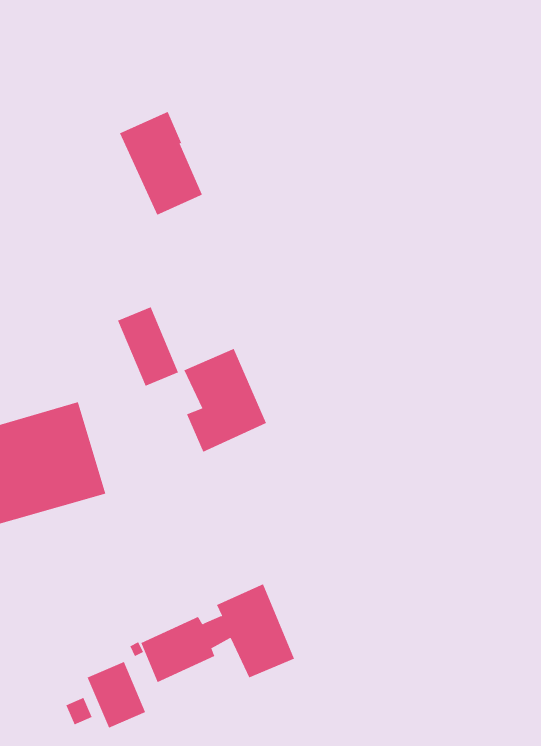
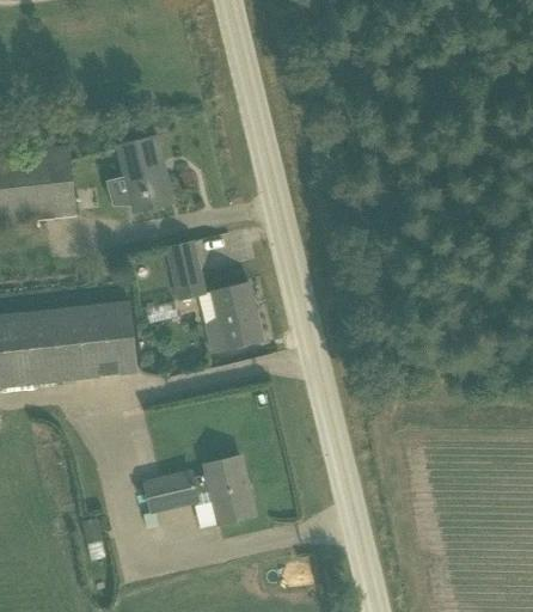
building: [119,111,204,215] -> [116,136,170,210]
building: [87,661,146,728] -> none

